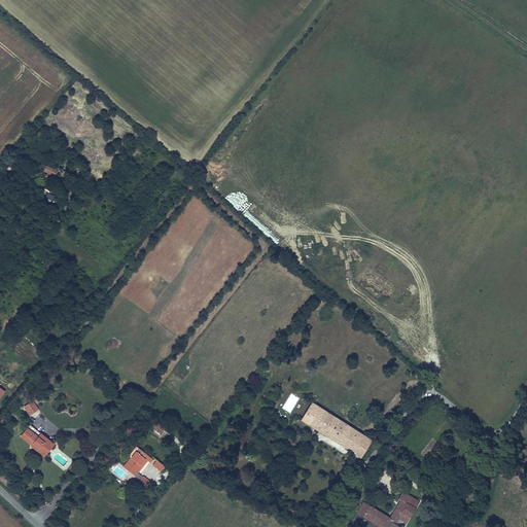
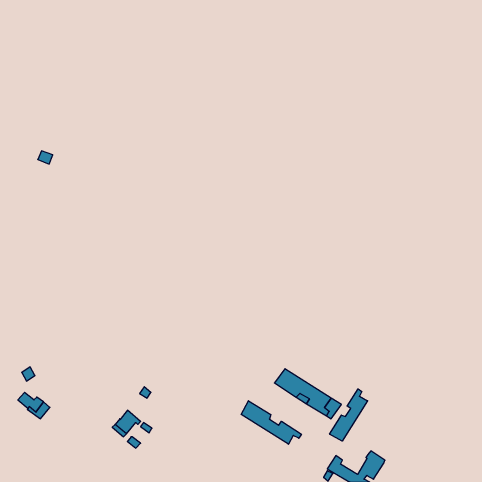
building: none -> [330,389,368,441]
building: none -> [241,401,301,444]

